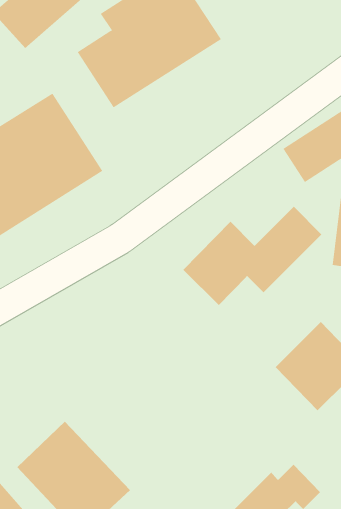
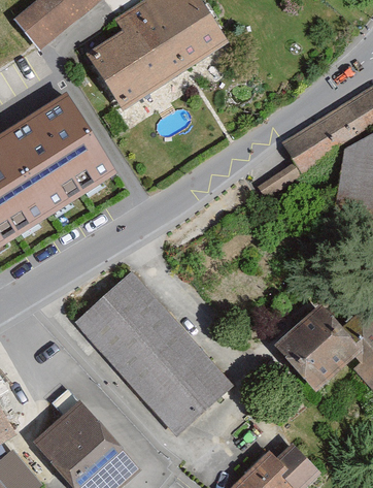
building: [183,206,322,306] -> none
building: none -> [74,275,231,435]

